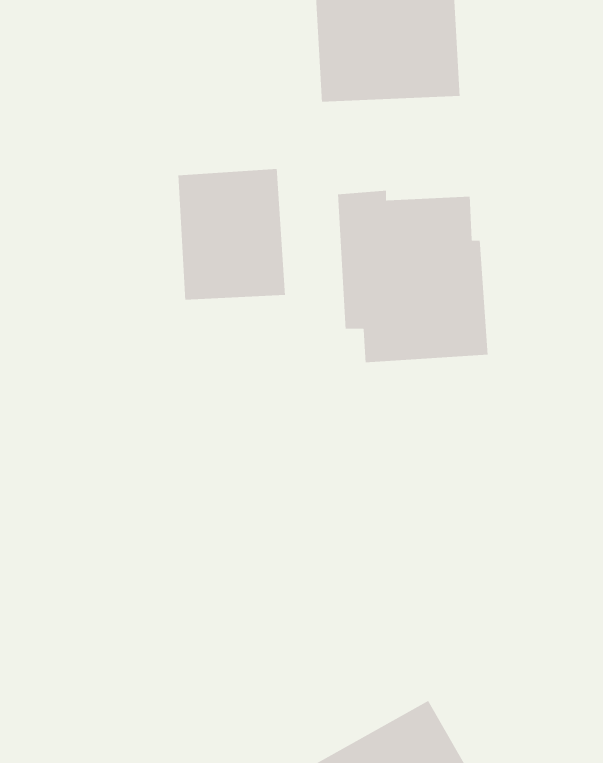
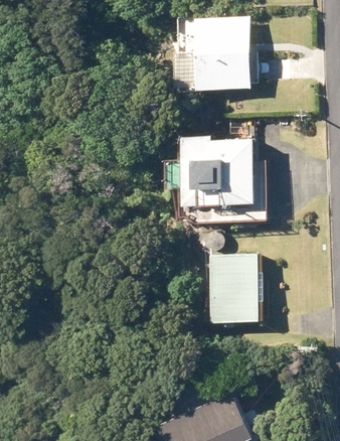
building: [178,168,286,301] -> none
building: none -> [208,253,260,323]

